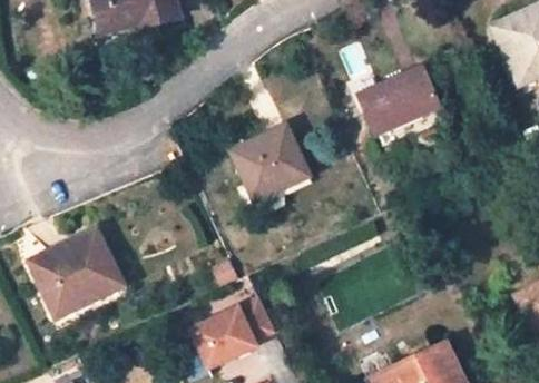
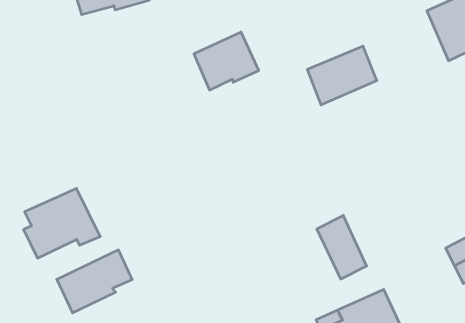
building: [232,127,305,193] -> [194,32,259,90]
building: none -> [317,215,367,279]
building: [189,297,275,369] -> [57,250,132,313]

